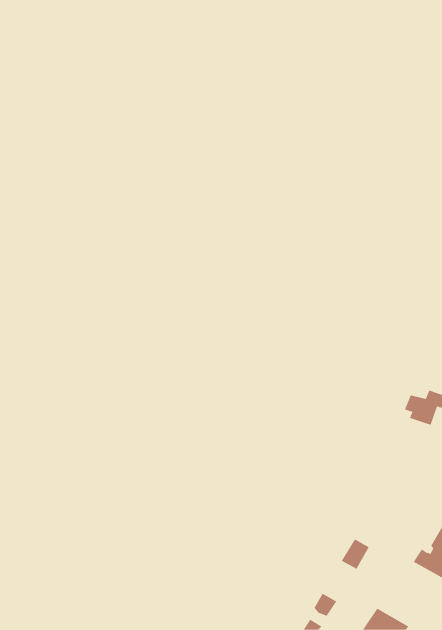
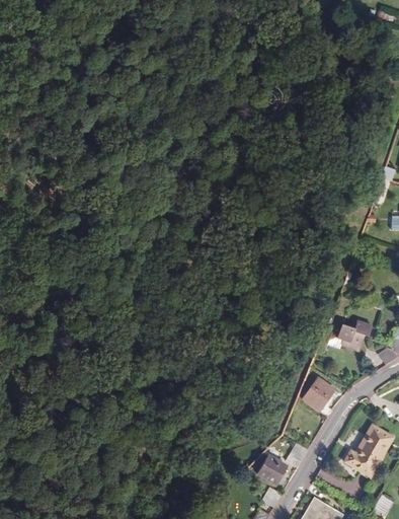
building: none -> [303,376,334,417]
building: none -> [257,454,287,483]

